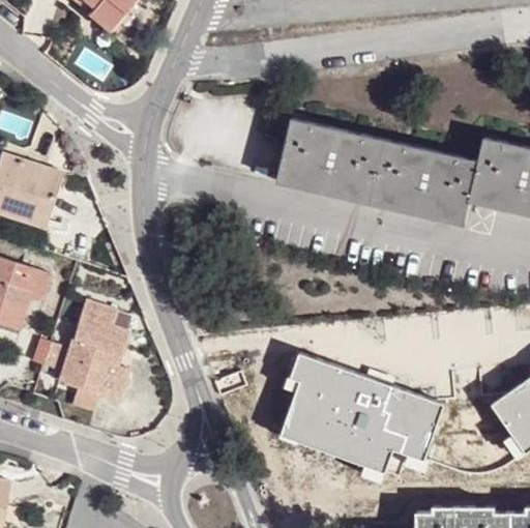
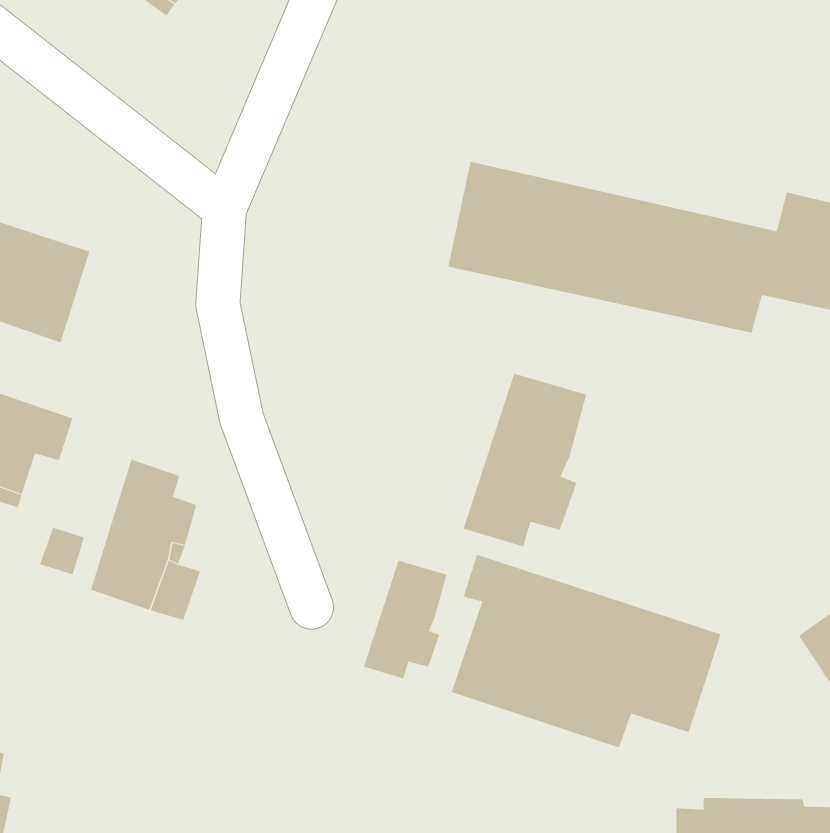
building: none -> [463,373,587,547]
building: none -> [363,560,447,679]

